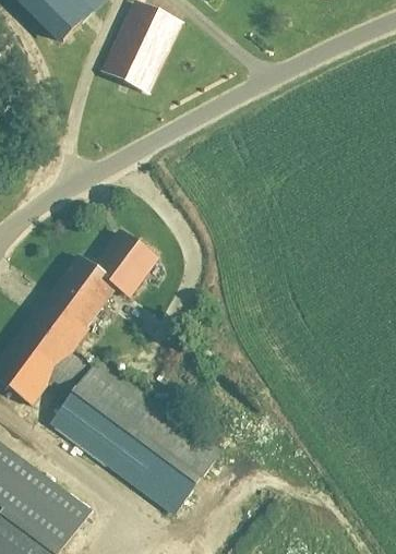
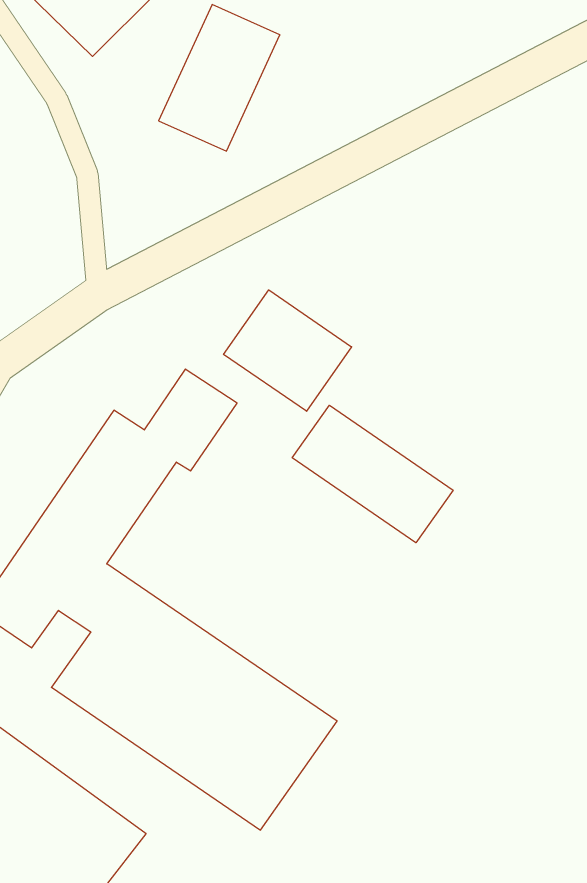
building: none -> [224,290,352,411]
building: none -> [292,405,453,543]

